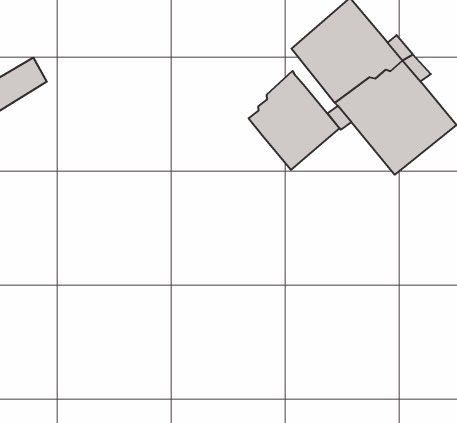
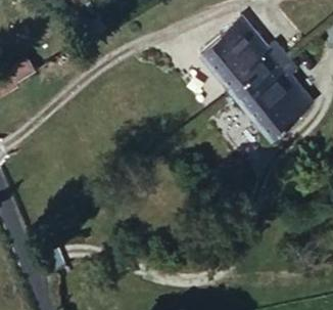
building: [249,71,340,170] -> none

